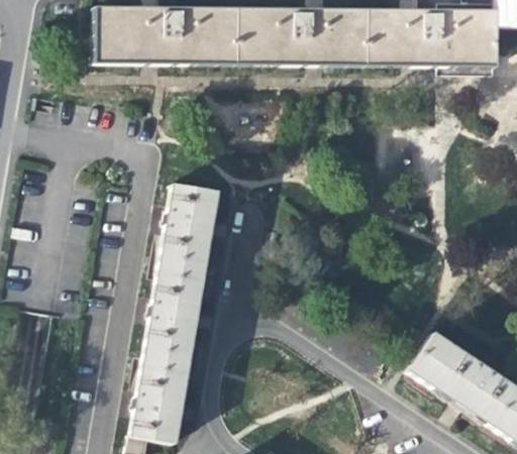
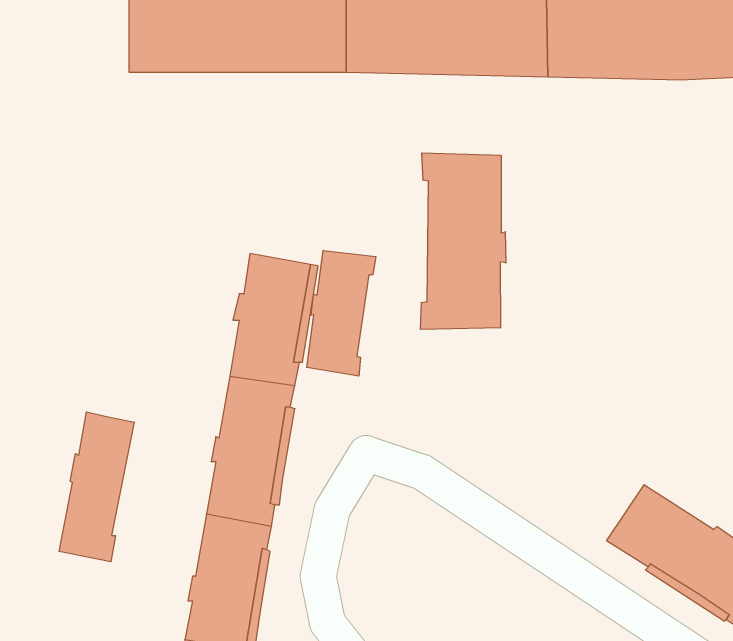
building: none -> [421,153,506,329]
building: none -> [307,250,376,376]
building: none -> [59,412,134,562]

